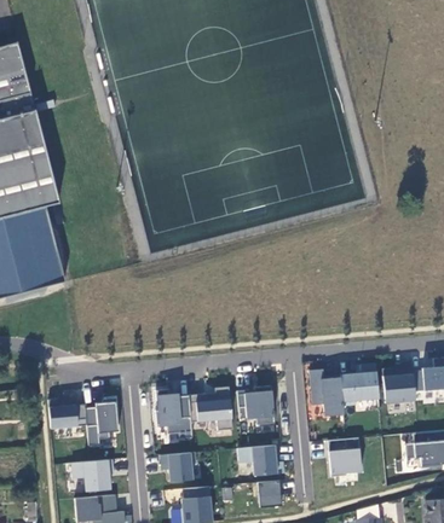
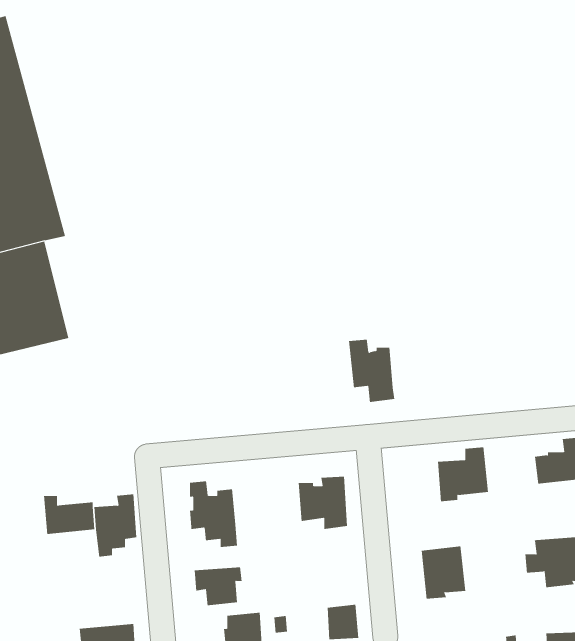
building: [382,367,416,402] -> none
building: [309,368,344,416] -> [348,339,395,402]
building: [188,387,231,430] -> none
building: [237,446,283,476] -> none
building: [70,460,111,493] -> none

